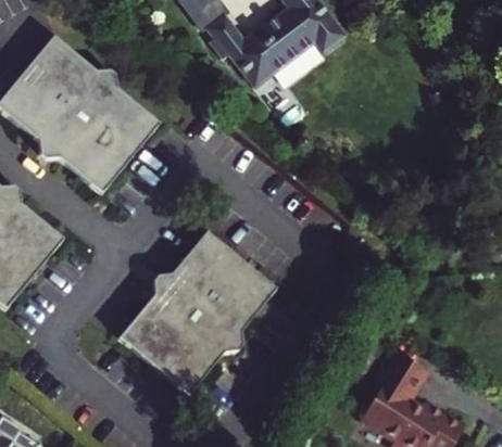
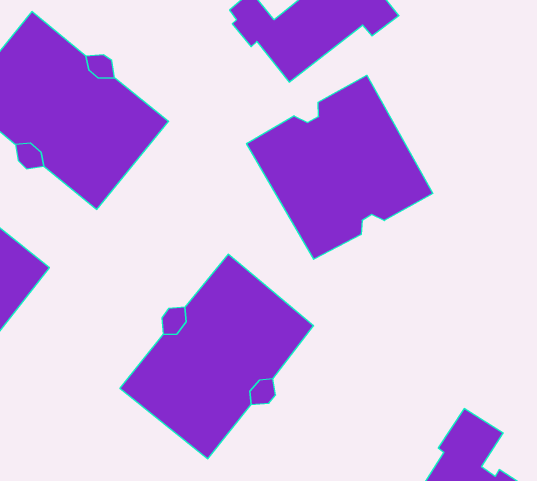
building: none -> [247,75,433,259]

